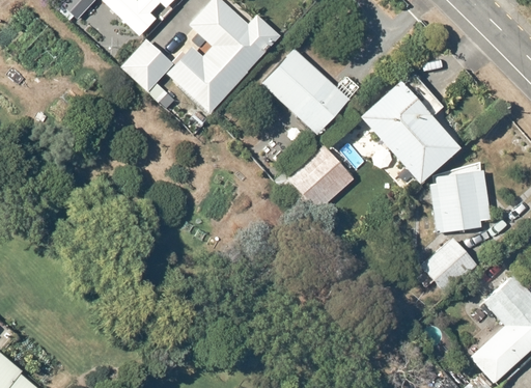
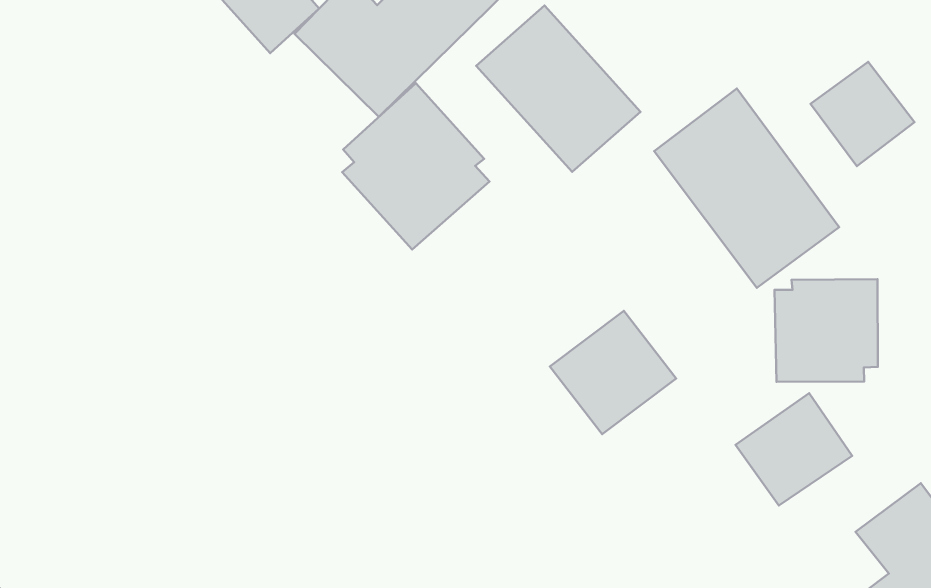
building: none -> [811,62,914,166]
building: none -> [342,83,490,249]
building: [292,145,359,211] -> [550,311,676,434]

